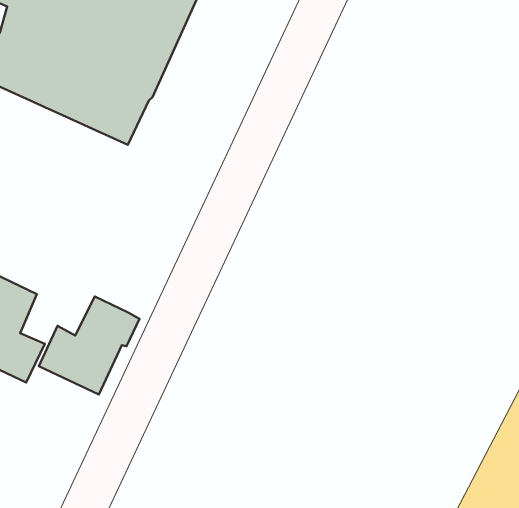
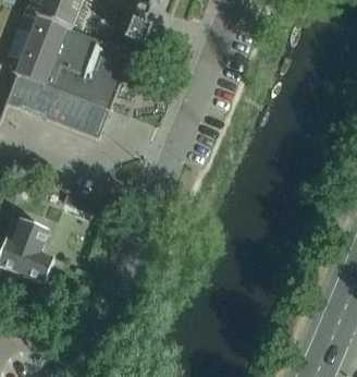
building: [39,297,139,394] -> none

